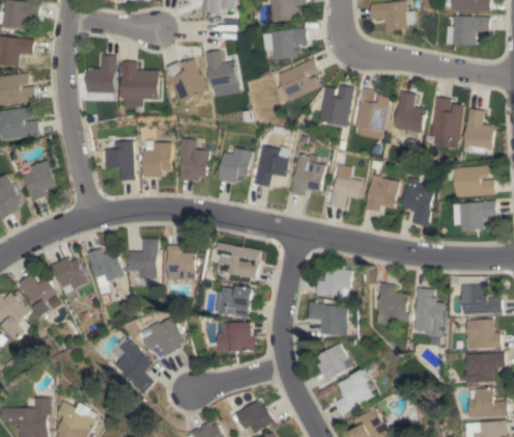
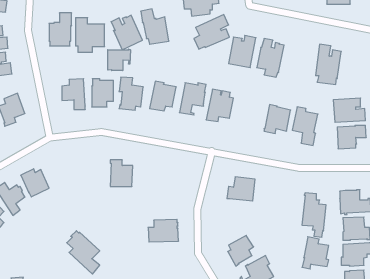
building: [395,91,426,139] -> none
building: none -> [108,49,130,71]
building: [464,109,495,156] -> none
building: [330,177,362,210] -> none
building: [128,239,160,279] -> none
building: [207,243,260,279] -> none
building: [87,249,124,288] -> none
building: [375,283,409,325] -> [302,237,329,269]
building: [218,286,254,318] -> none
building: [310,302,351,335] -> none
building: [139,318,185,357] -> none

